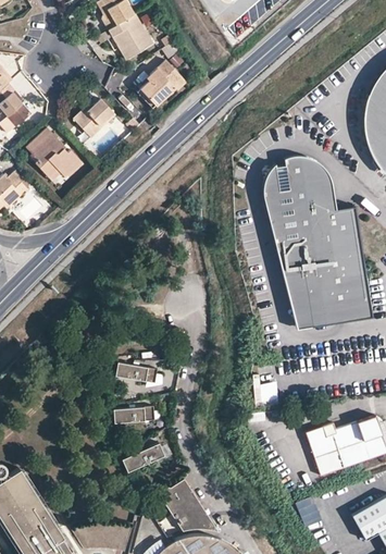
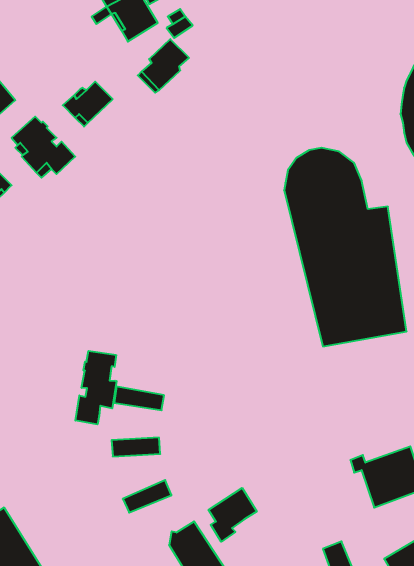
building: none -> [75,351,117,424]
building: [304,427,343,476] -> none
building: none -> [209,488,257,542]

